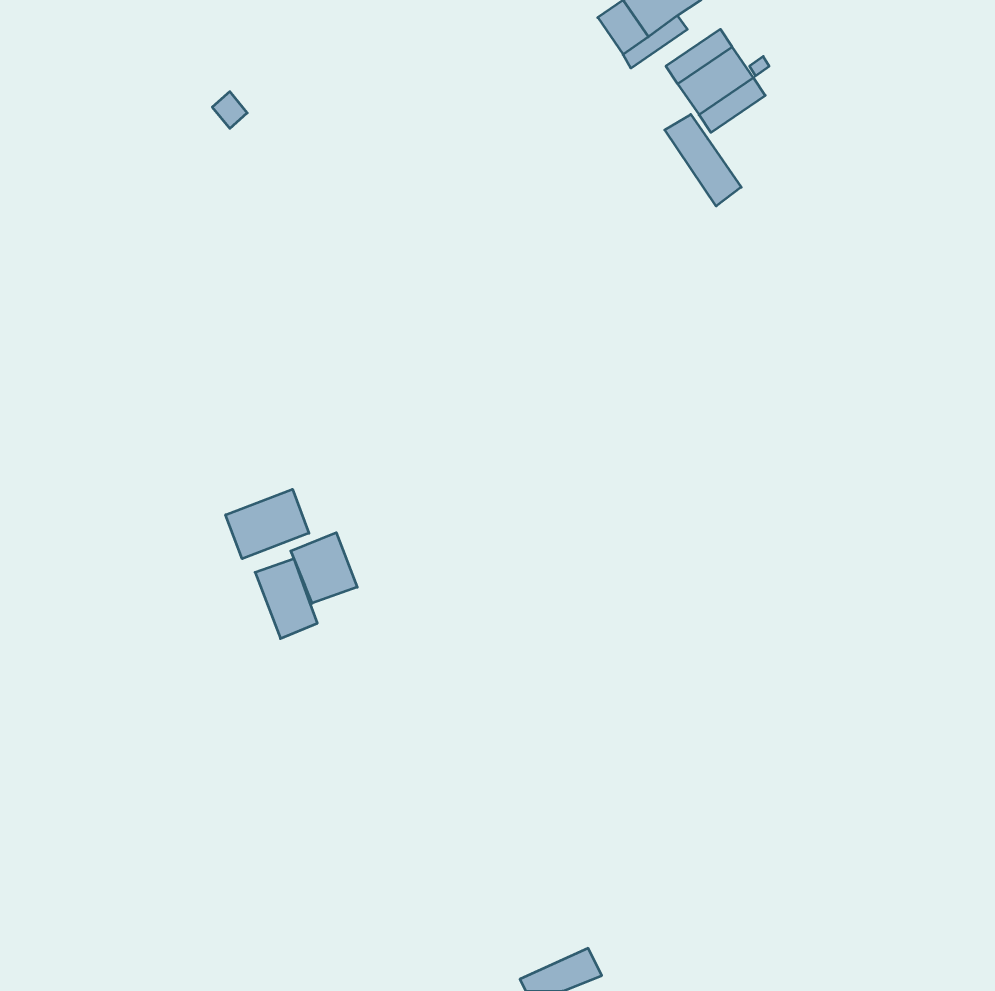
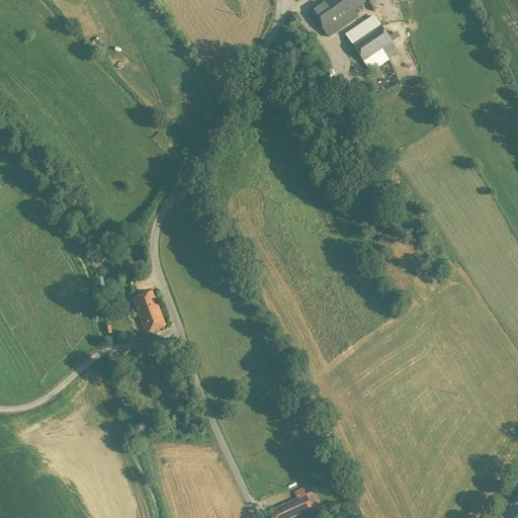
building: [665,114,741,206] -> none
building: [226,489,309,559] -> none
building: [291,533,357,603] -> none

